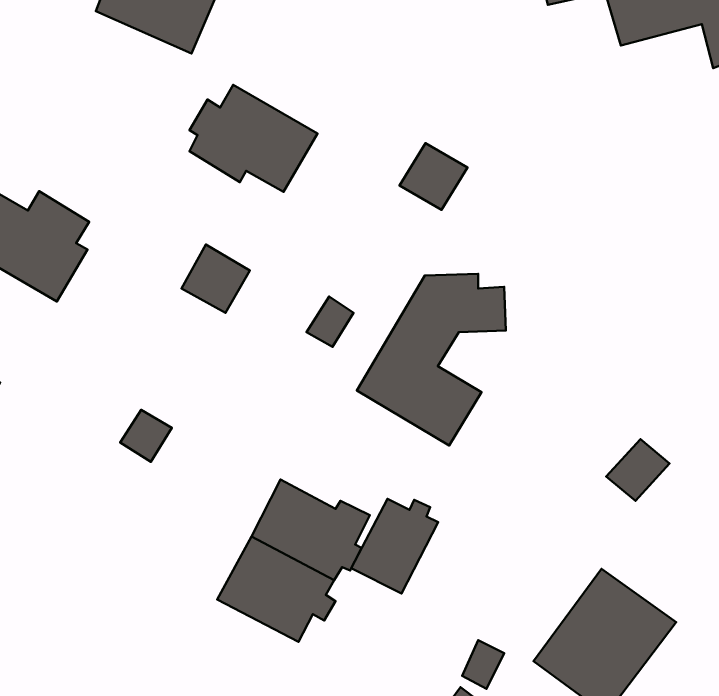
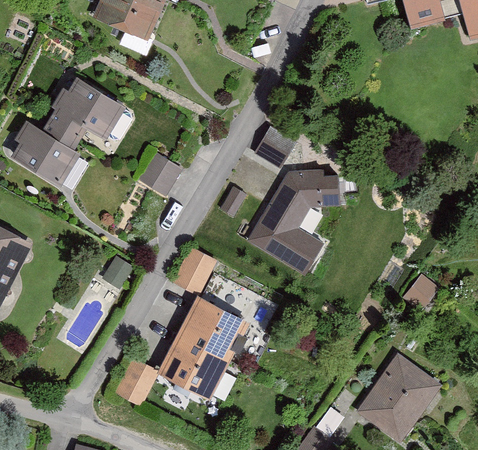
building: [190,85,318,192] -> [51,79,130,145]
building: [400,143,468,210] -> [252,129,294,170]
building: none -> [170,246,216,296]
building: [351,499,438,594] -> none
building: none -> [110,354,157,404]

